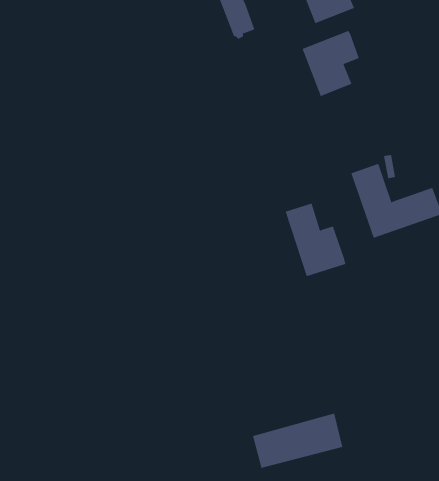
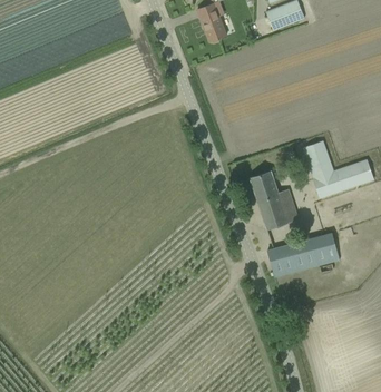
building: [302,30,359,97] -> none
building: [252,413,343,468] -> [267,233,339,276]

